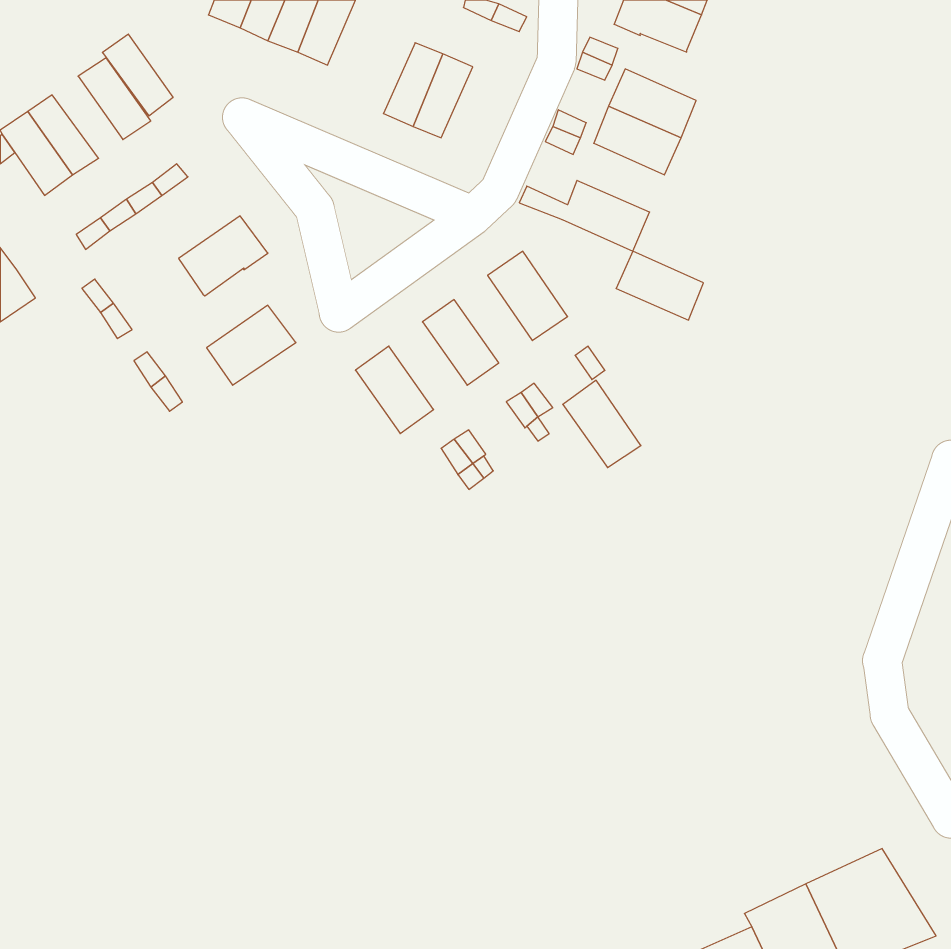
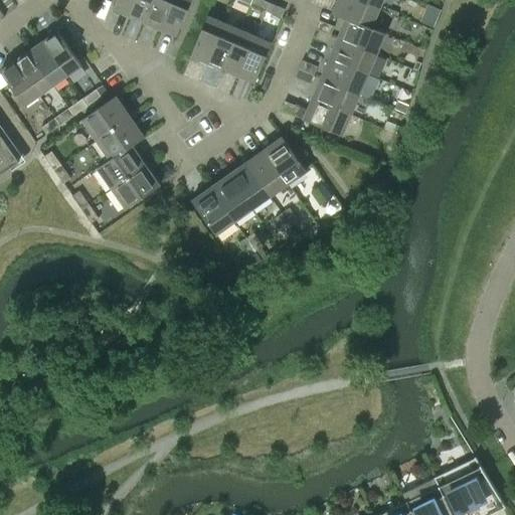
building: none -> [191,16,224,62]
building: none -> [338,19,385,55]
building: [102,34,173,116] -> [28,42,66,87]
building: none -> [238,37,272,82]
building: none -> [82,97,130,141]
building: [616,251,703,320] -> [312,78,359,116]
building: none -> [98,146,145,189]
building: none -> [210,175,252,222]
building: [563,380,641,468] -> [245,150,288,197]

